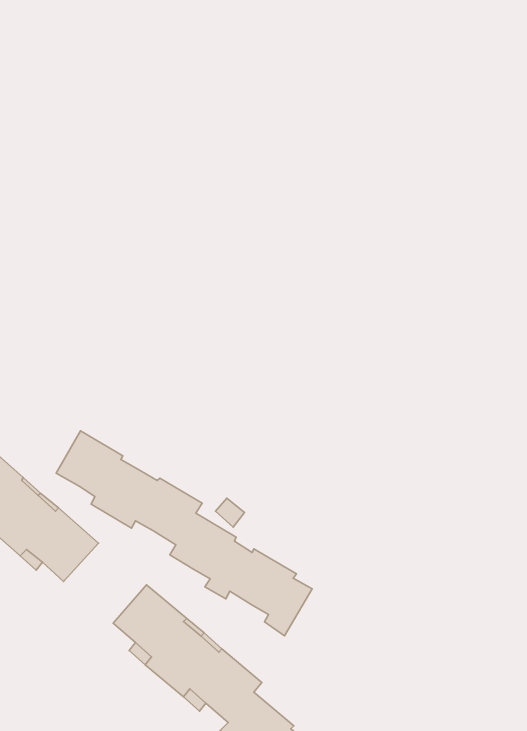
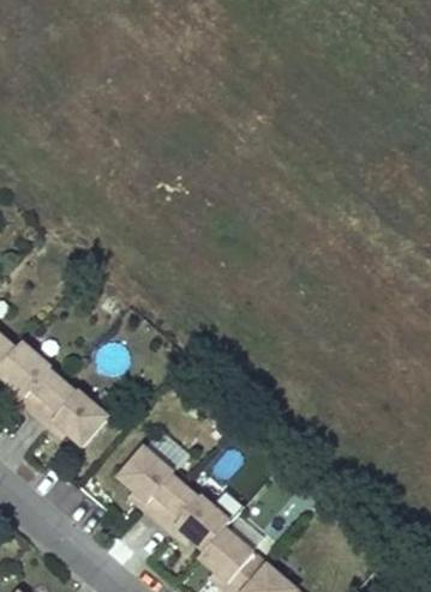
building: [56,431,312,636] -> none

